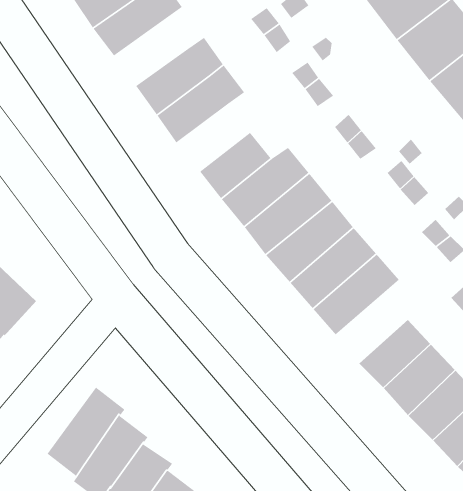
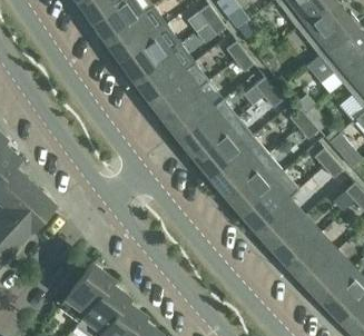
building: none -> [106,7,167,60]
building: none -> [148,65,209,118]
building: none -> [256,200,305,248]

